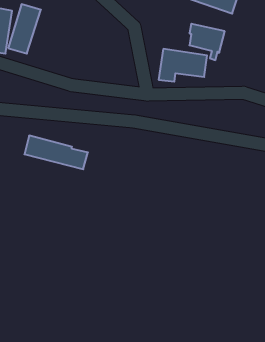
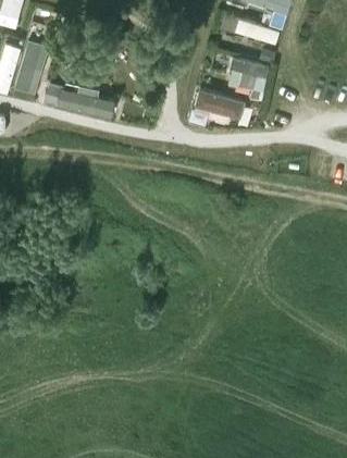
building: [24,136,88,169] -> [46,79,120,119]

